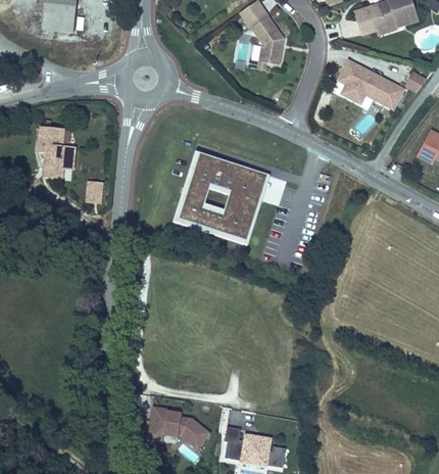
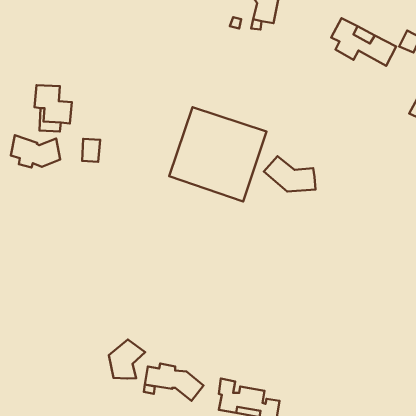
building: none -> [11,135,60,167]
building: none -> [264,156,316,191]
building: none -> [109,340,145,378]

